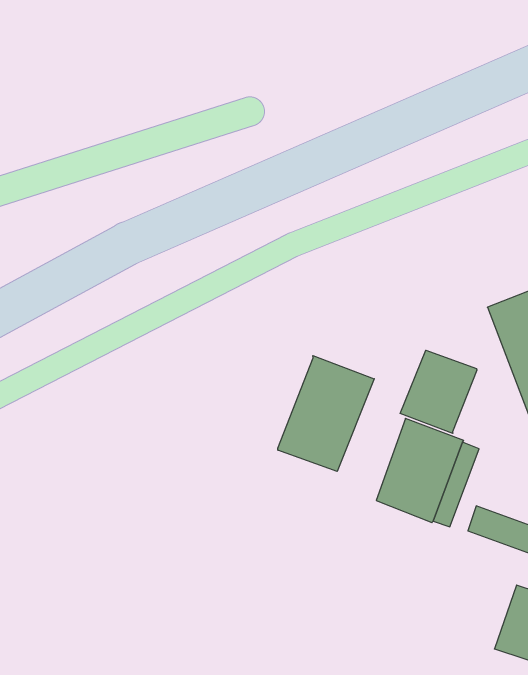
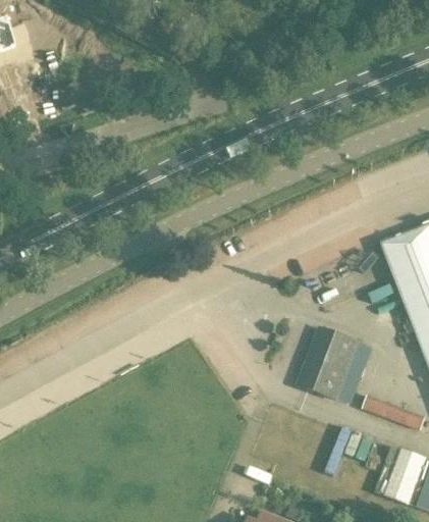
building: [400,350,477,433] -> none
building: [278,356,374,471] -> none

